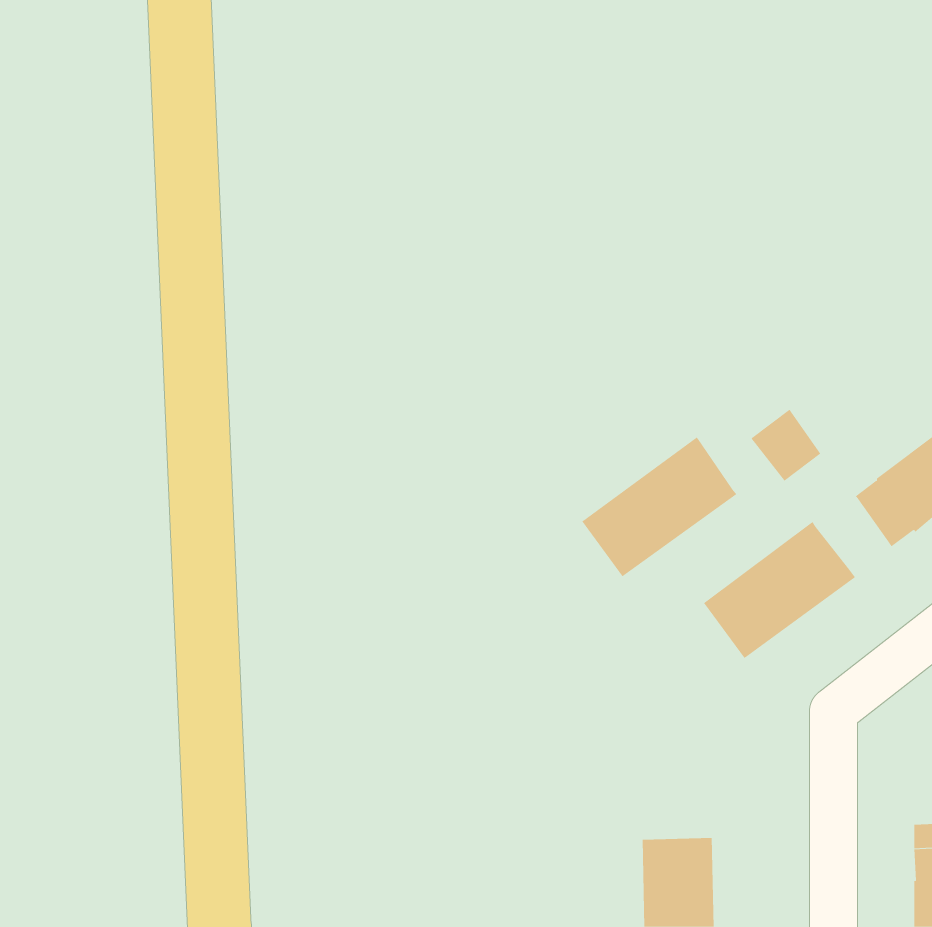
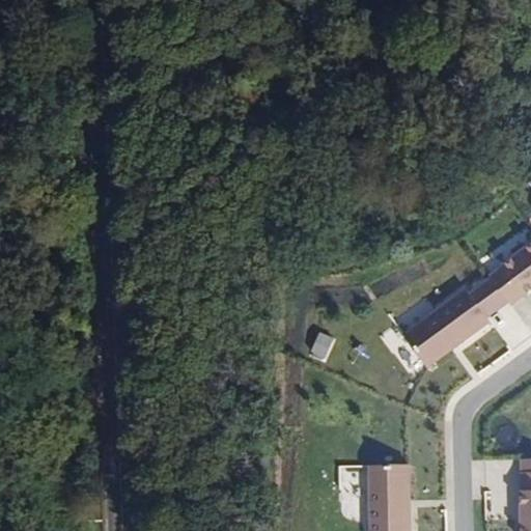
building: [751,409,821,481] -> [466,277,505,317]
building: [581,437,737,577] -> none

